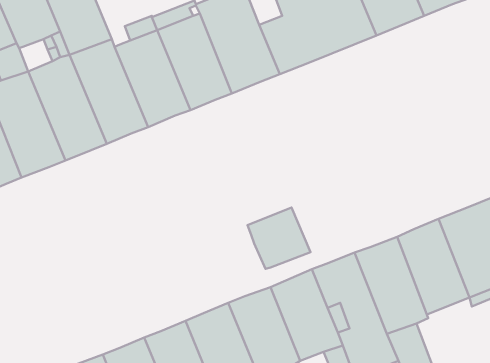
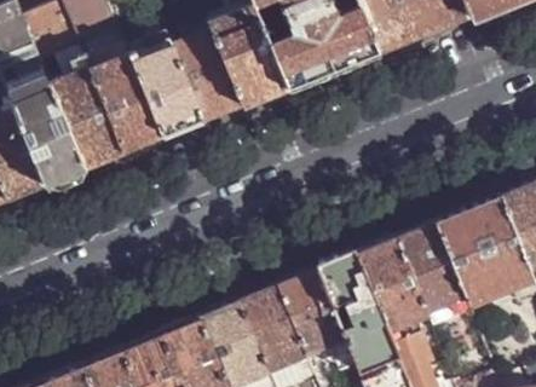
building: [247,207,311,269] -> none

